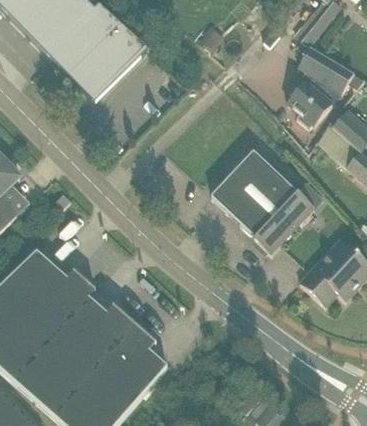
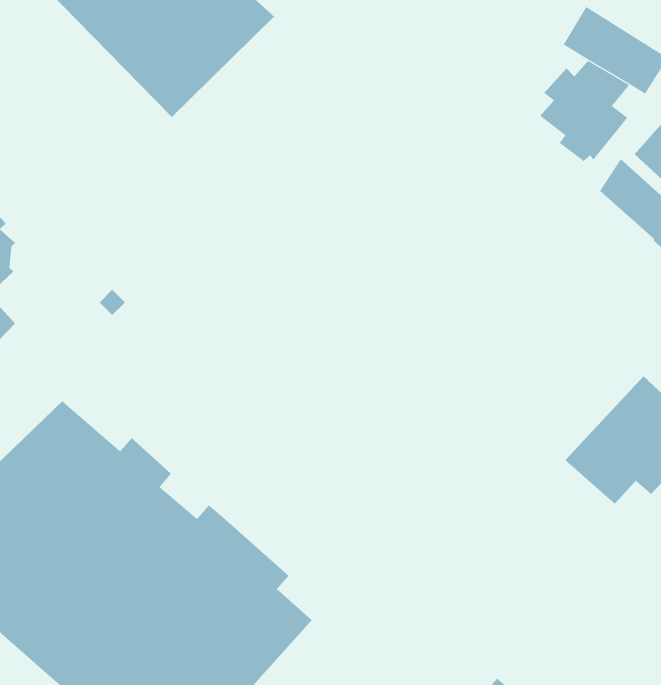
building: [210,151,314,252] -> none

